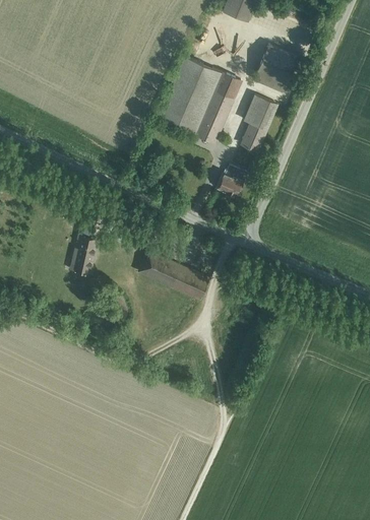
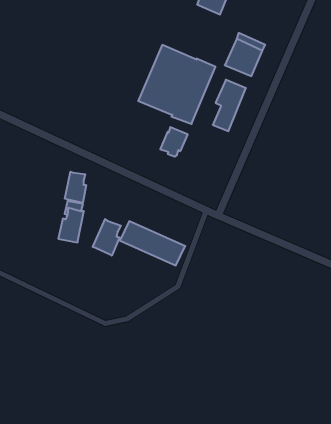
building: [217,165,247,197] -> [160,127,188,157]
building: none -> [65,172,86,203]
building: none -> [93,219,121,256]

